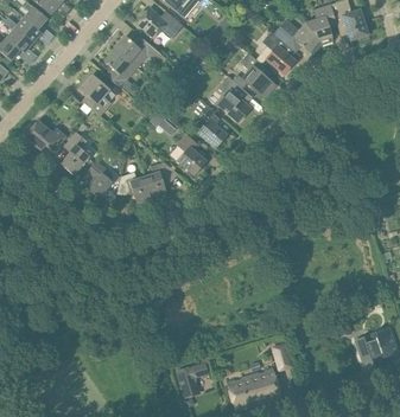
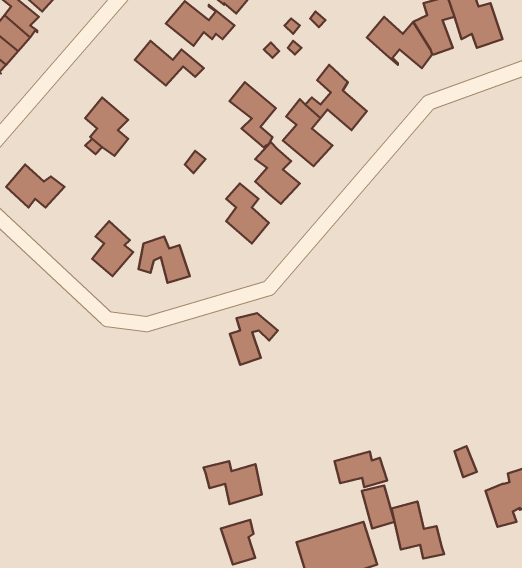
building: [262,30,296,72] -> none
building: [103,47,135,92] -> [229,82,276,148]
building: [59,130,90,174] -> none
building: [145,161,178,197] -> [230,313,278,365]
building: none -> [335,451,387,487]
building: none -> [203,461,262,504]
building: none -> [391,501,444,558]

